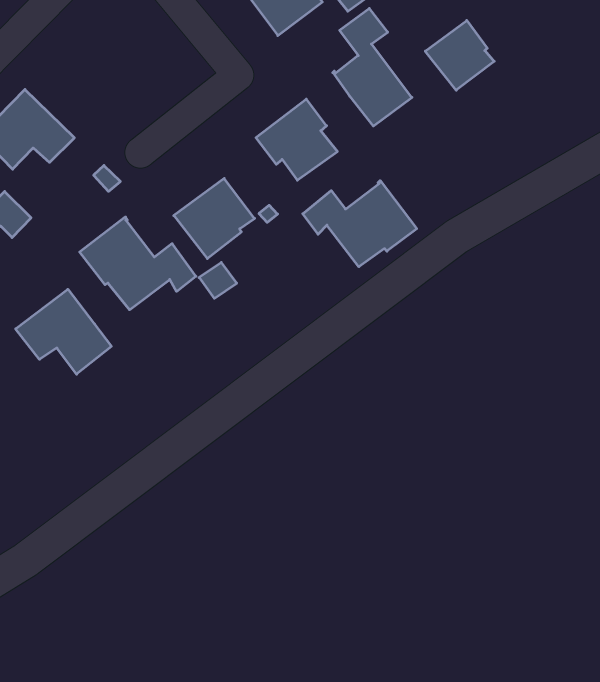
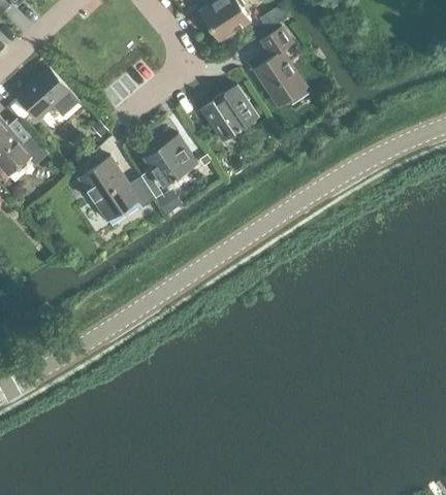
building: [425,20,494,90] -> none
building: [303,181,417,267] -> none
building: [16,289,111,374] -> none

